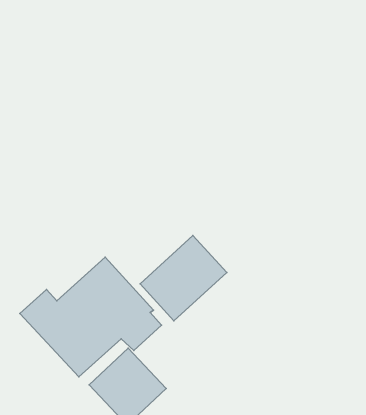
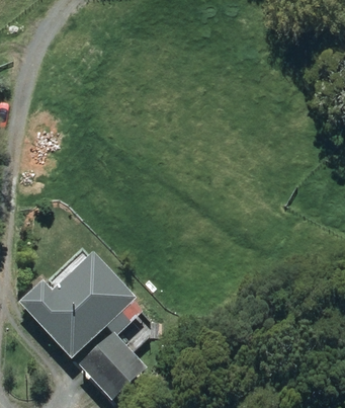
building: [140,236,227,321] -> none

